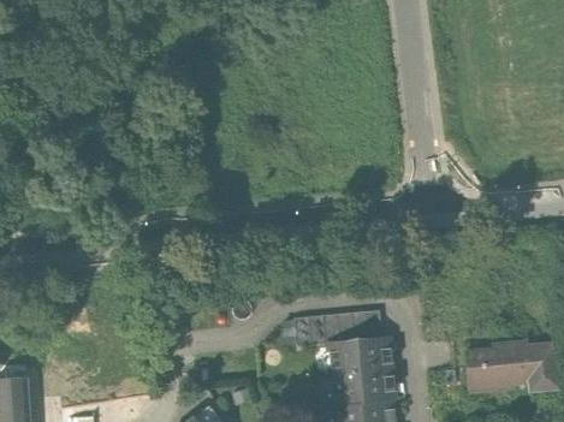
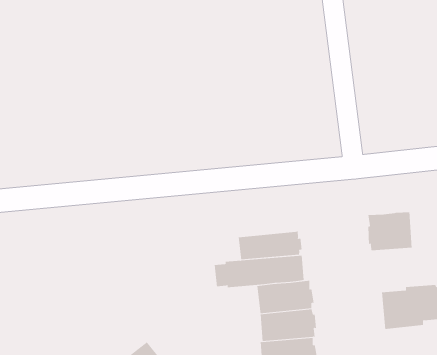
building: none -> [368,211,412,251]
building: none -> [238,231,302,260]

